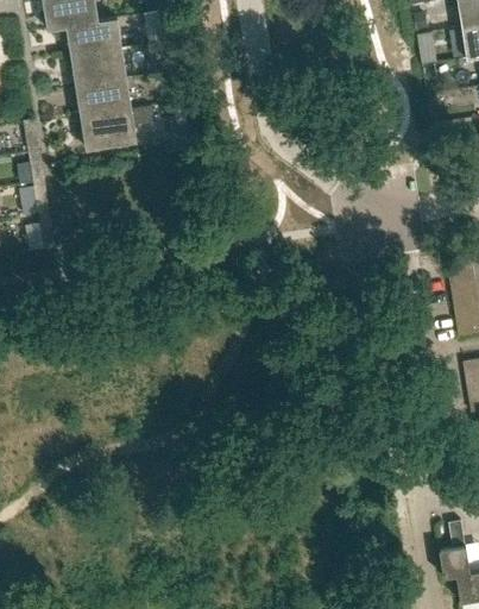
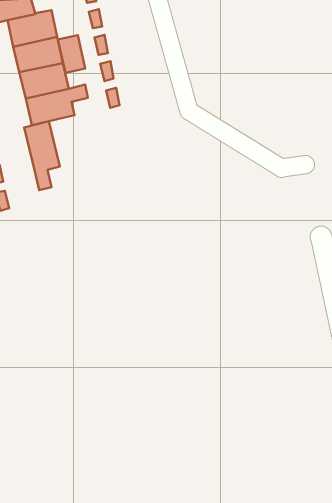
building: none -> [58,35,85,73]
building: none -> [24,121,60,190]

